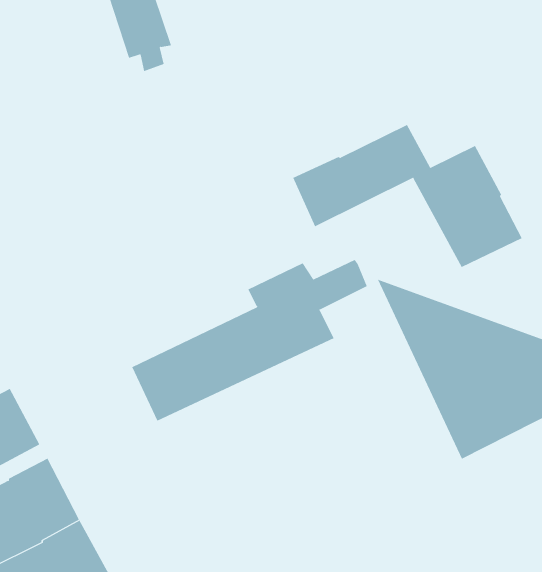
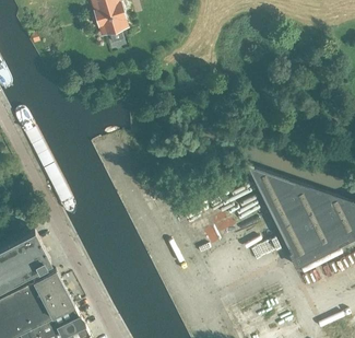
building: [293,124,522,268] -> none
building: [131,259,368,422] -> none

